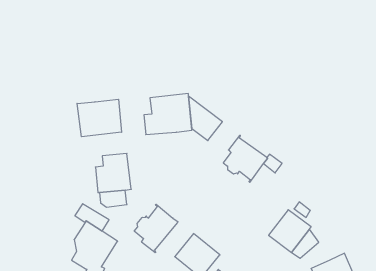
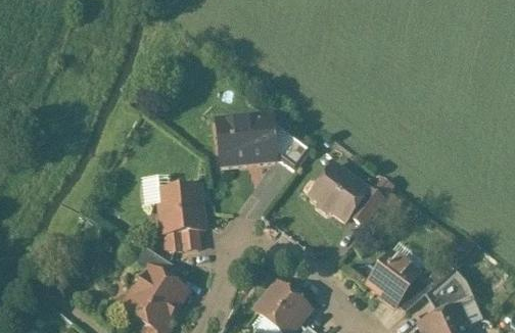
building: [77,99,122,137] -> none
building: [134,204,178,253] -> none
building: none -> [432,269,473,314]

